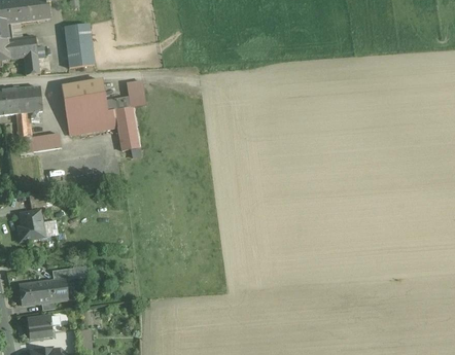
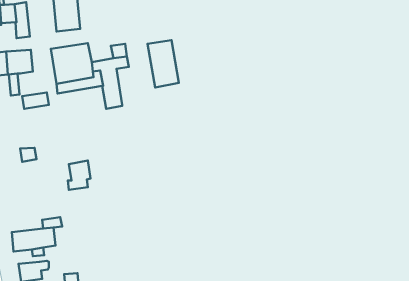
building: none -> [147,40,179,87]
building: [19,209,43,241] -> [68,161,91,190]

